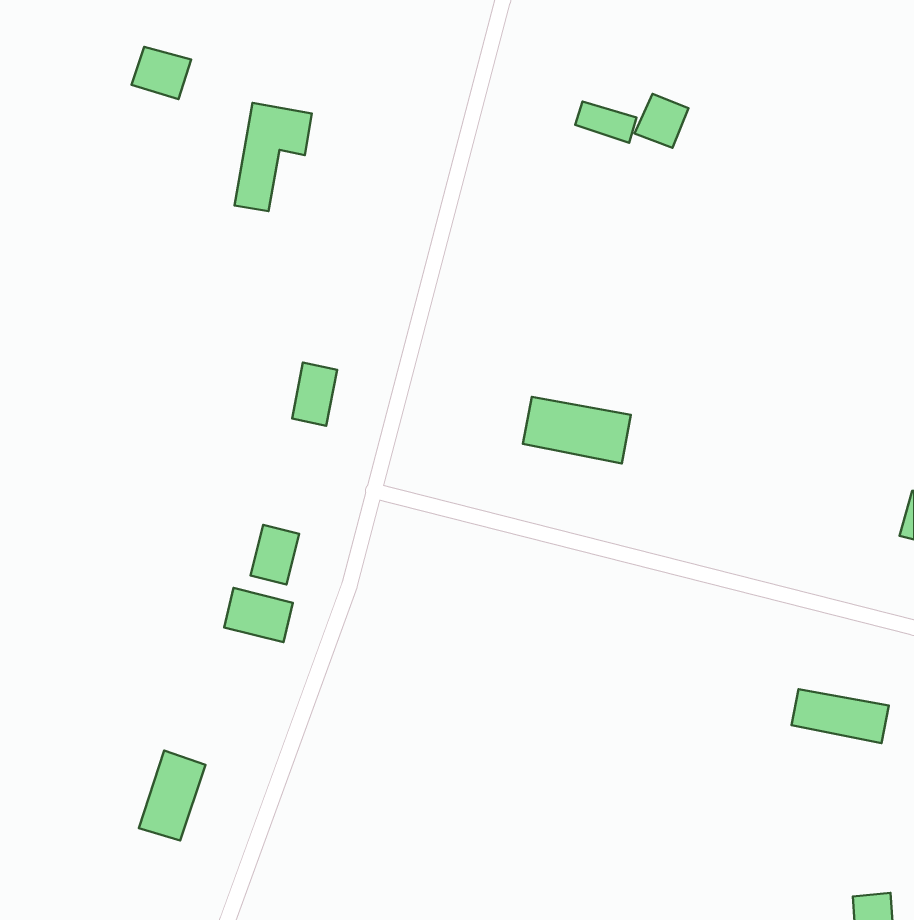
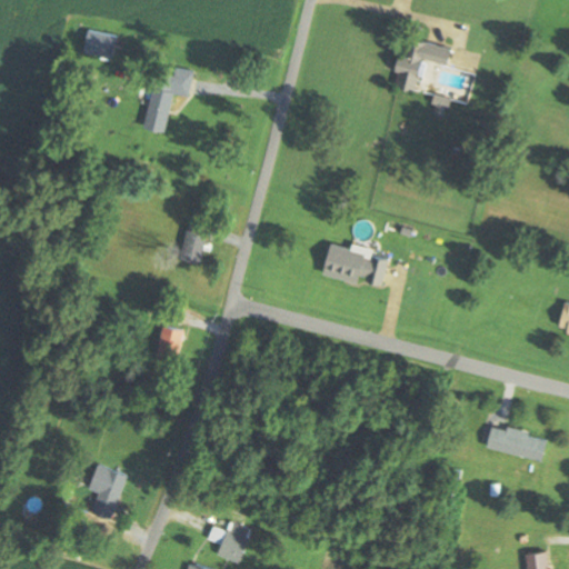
building: [575,101,636,143] -> [415,40,452,66]
building: [224,588,293,642] -> none
building: none -> [207,517,252,563]

